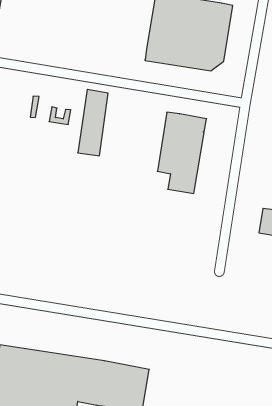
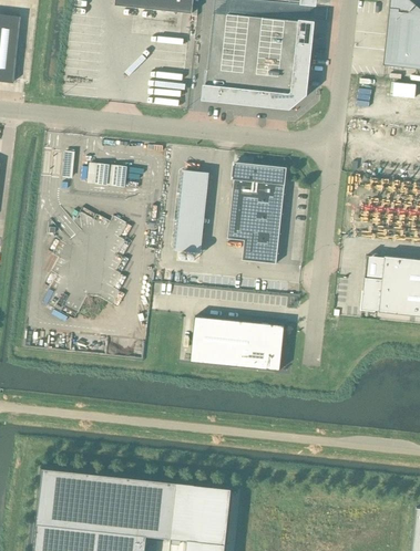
building: [78,89,108,156] -> [175,169,209,252]
building: none -> [192,316,286,371]

